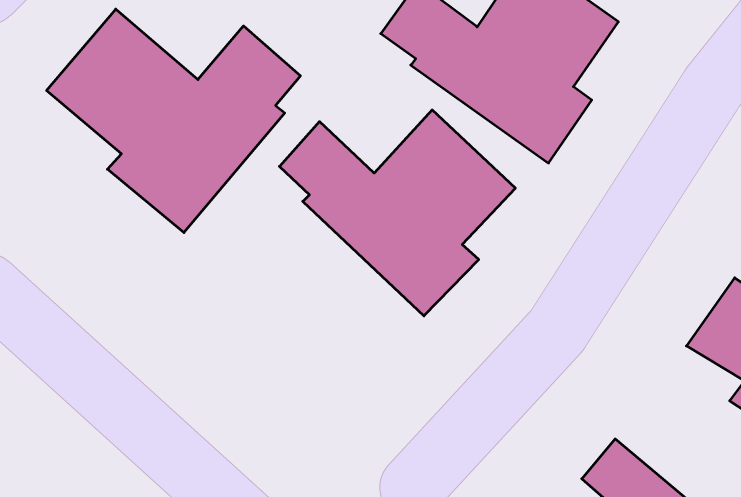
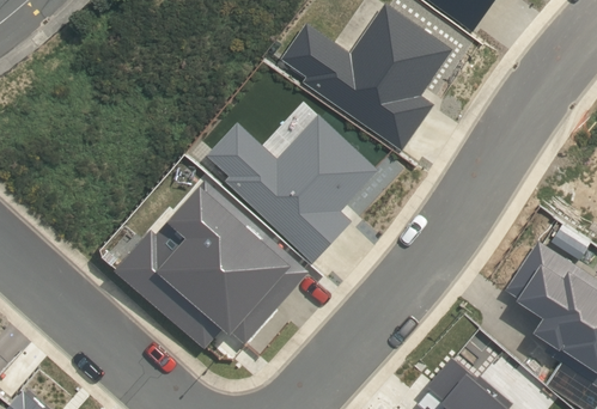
building: [47,9,300,233] -> none
building: none -> [122,197,298,347]

